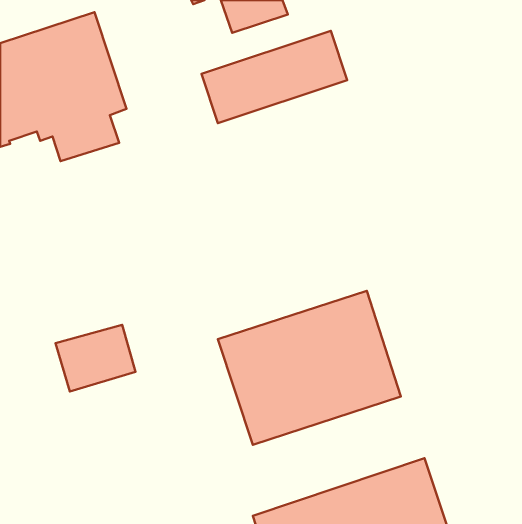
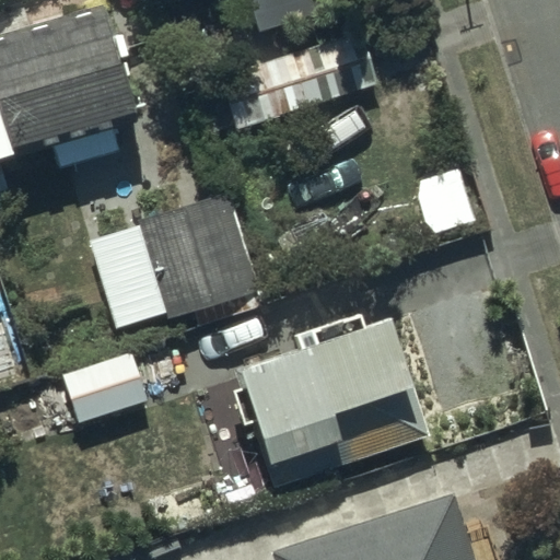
building: none -> [89,194,253,330]

